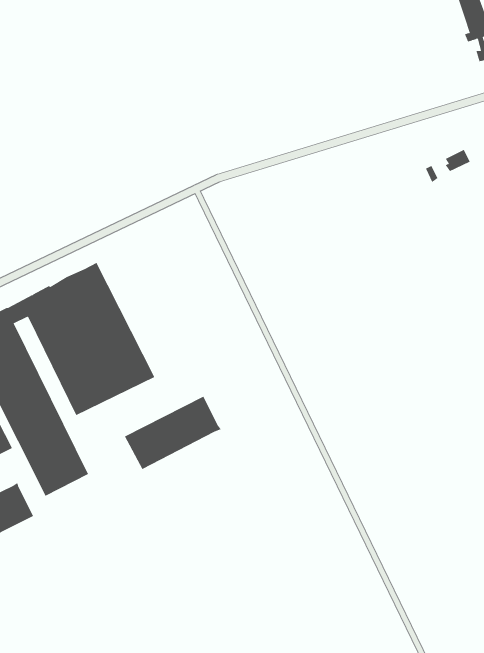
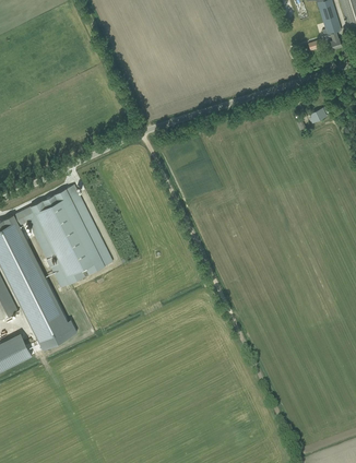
building: [124,396,222,470] -> none

